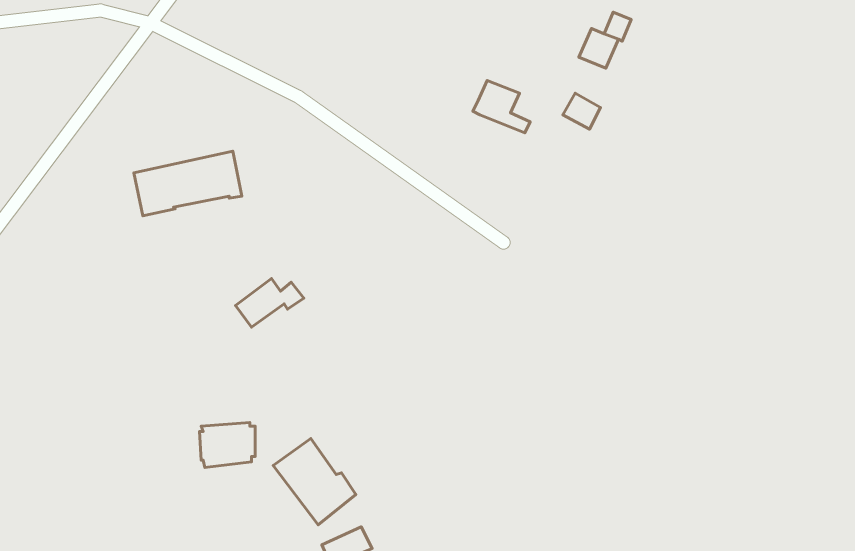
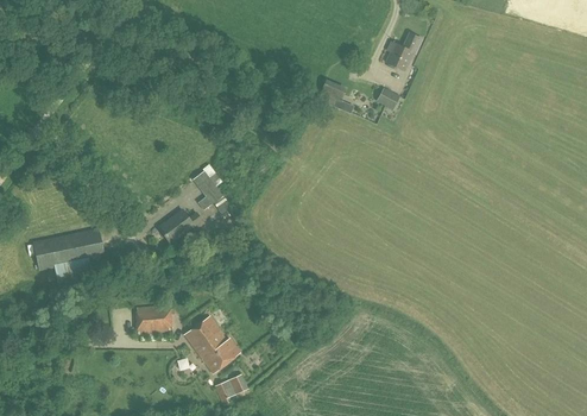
building: [134,151,242,216] -> [32,227,103,270]
building: none -> [191,166,229,214]

